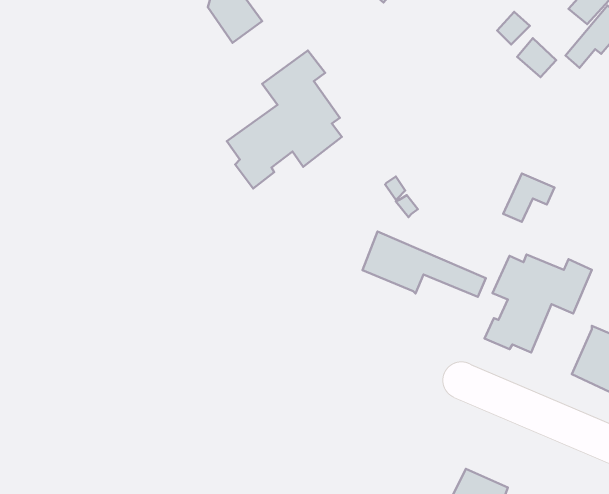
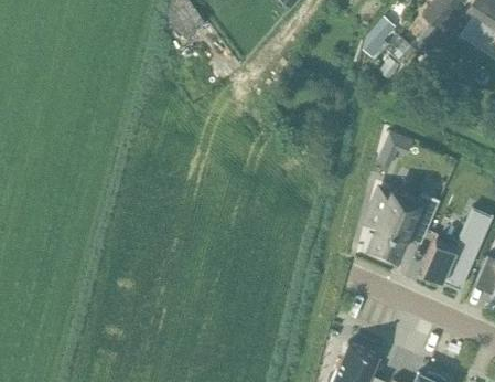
building: [227,50,342,189] -> none
building: [363,232,486,297] -> none

